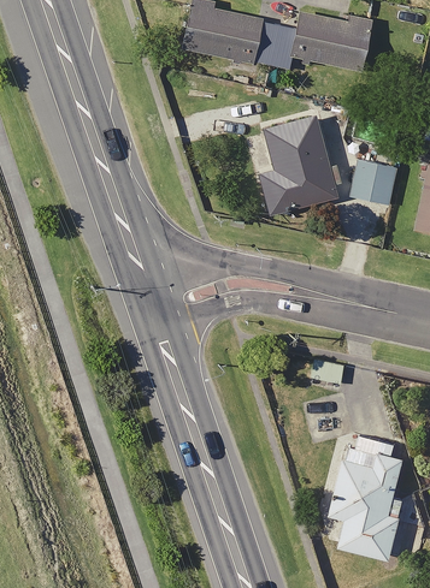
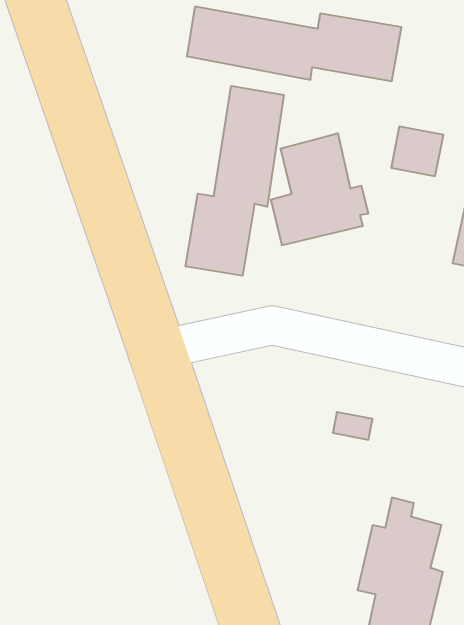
building: none -> [185,86,284,276]
building: [351,161,396,204] -> [391,126,443,176]

